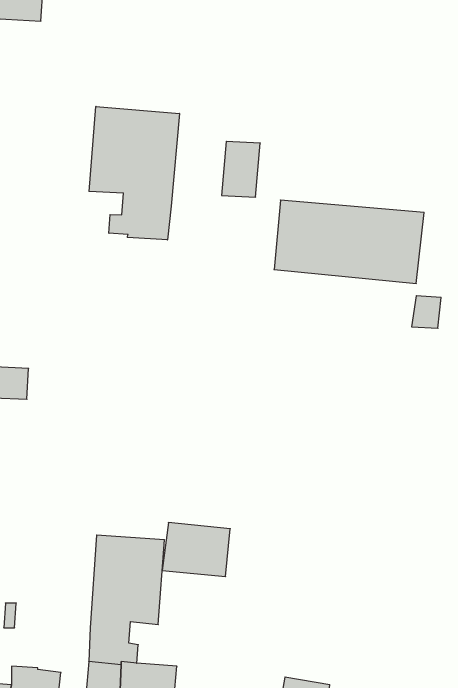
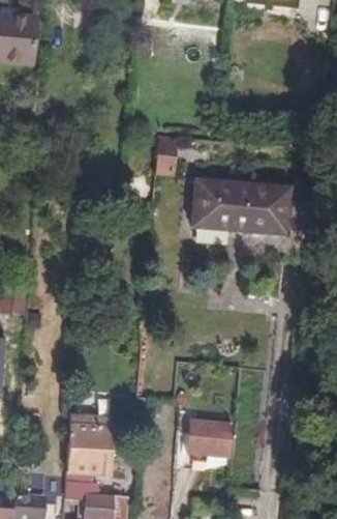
building: [89,106,179,240] -> none
building: [162,523,230,577] -> [189,424,235,460]

